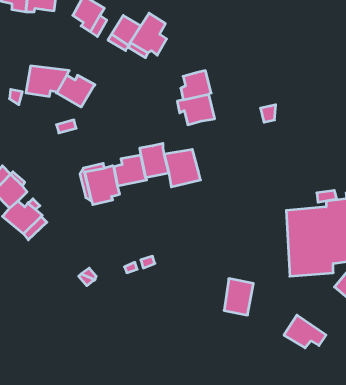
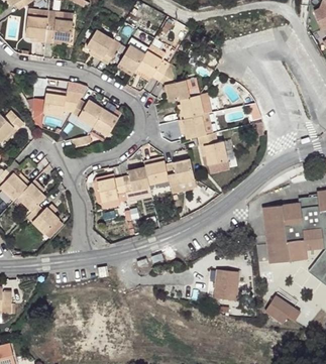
building: none -> [158,66,192,102]
building: none -> [93,106,121,134]
building: none -> [196,132,228,171]

